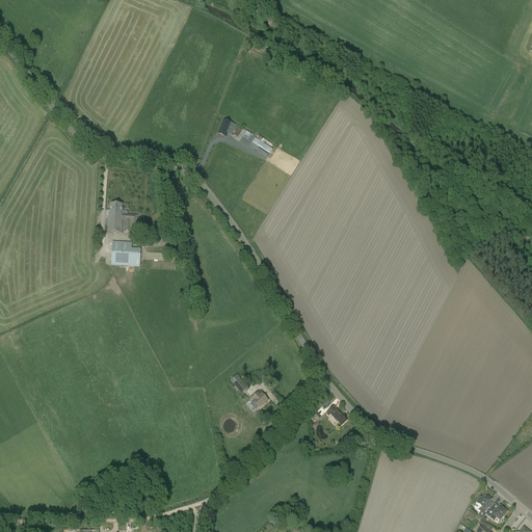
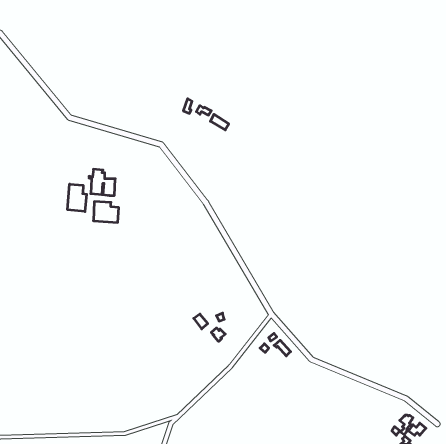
building: none -> [68,184,87,212]

